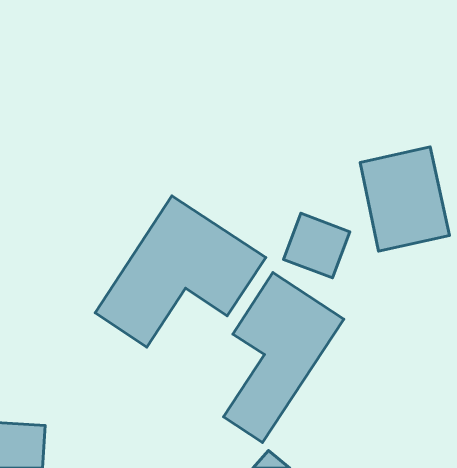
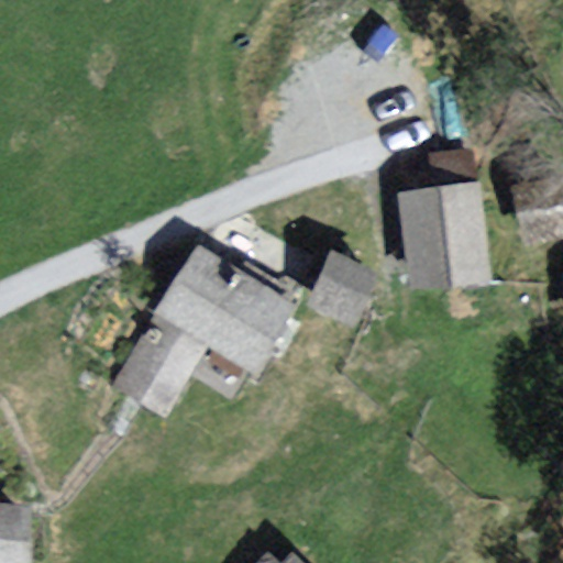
building: [223,273,344,442] -> none

